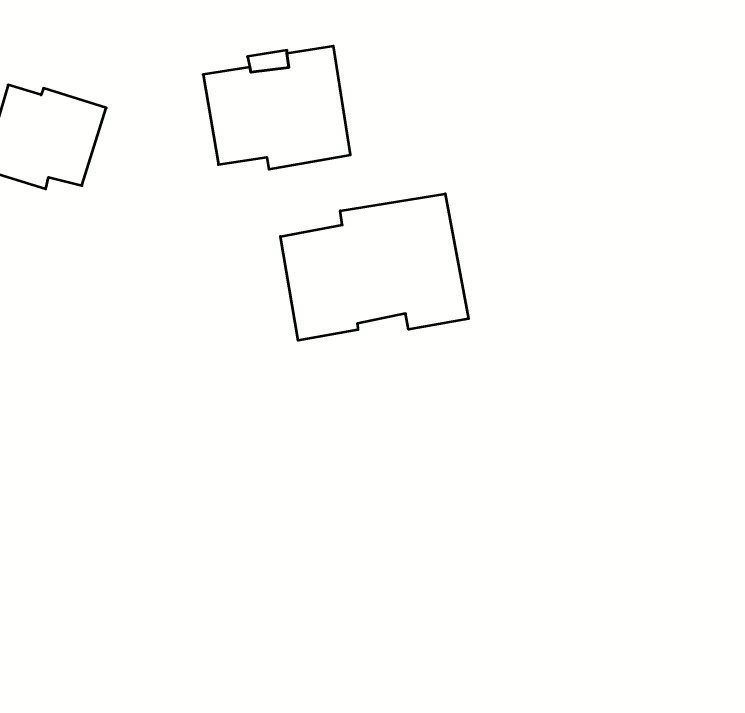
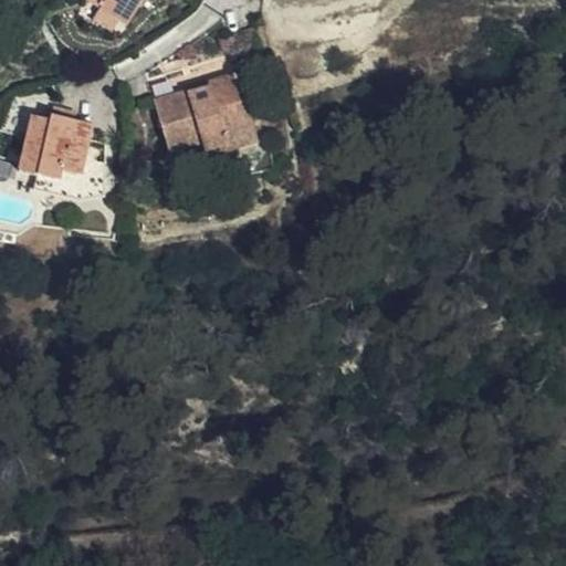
building: [280,194,469,340] -> none

